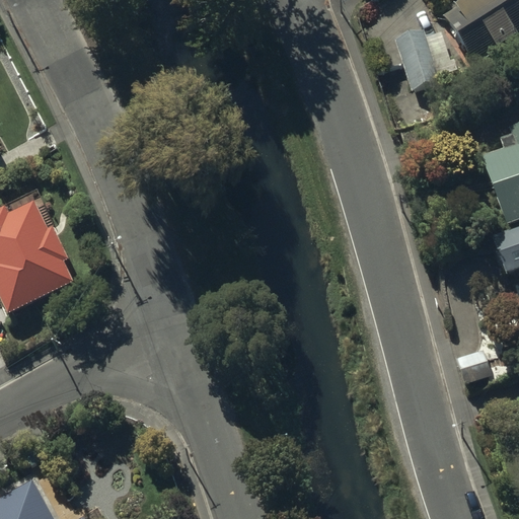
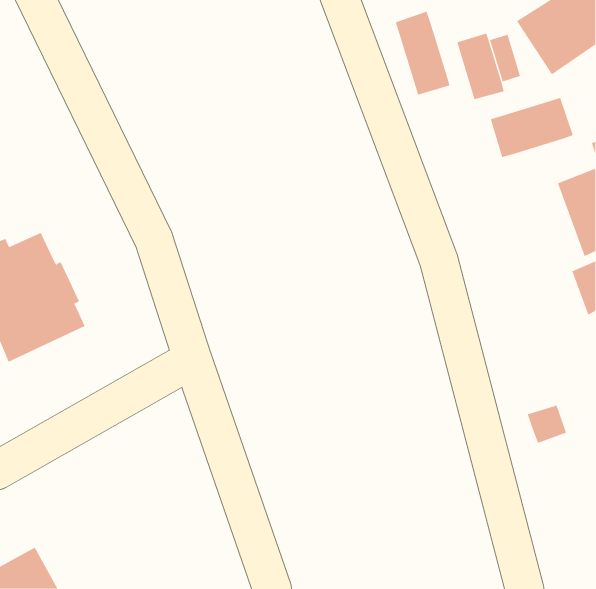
building: none -> [395,11,450,96]
building: none -> [490,97,574,158]

